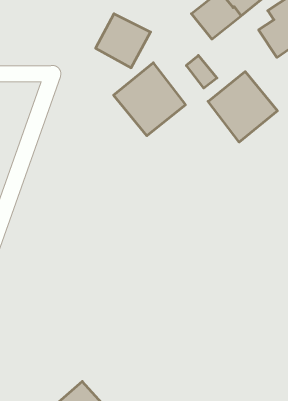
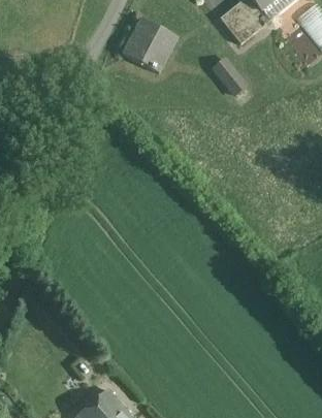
building: [114,63,185,136] -> none
building: [208,72,277,142] -> none

